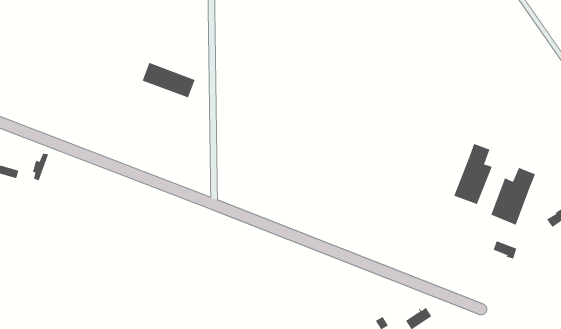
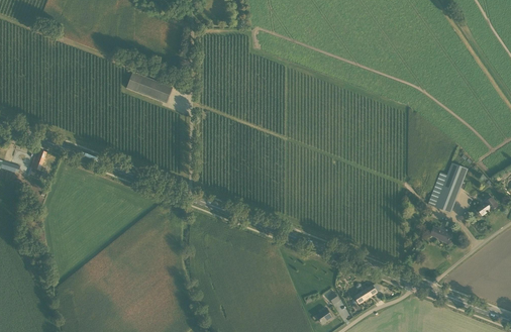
building: [453,143,492,205] -> none

